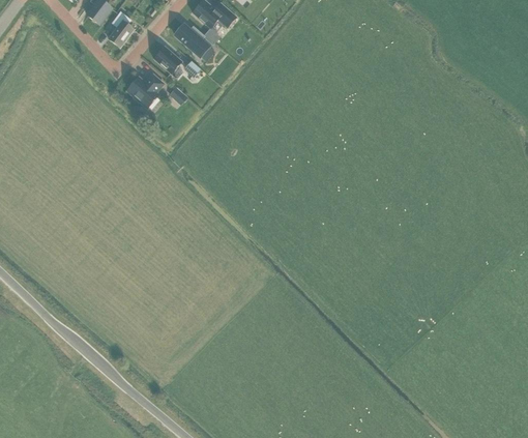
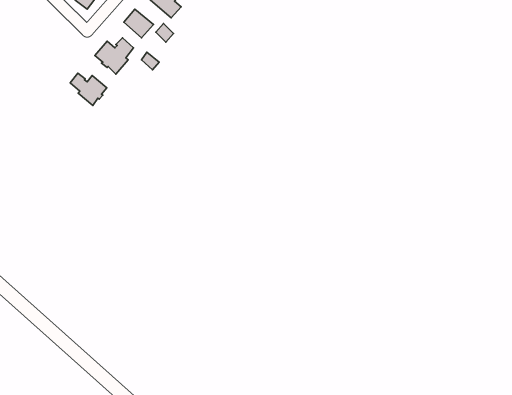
building: none -> [70,73,107,106]

